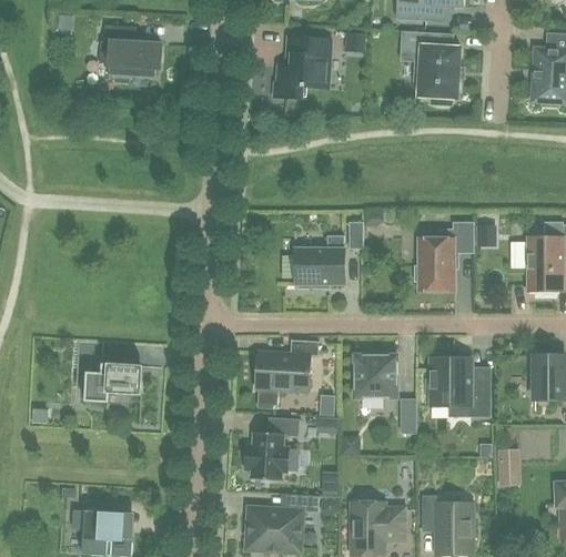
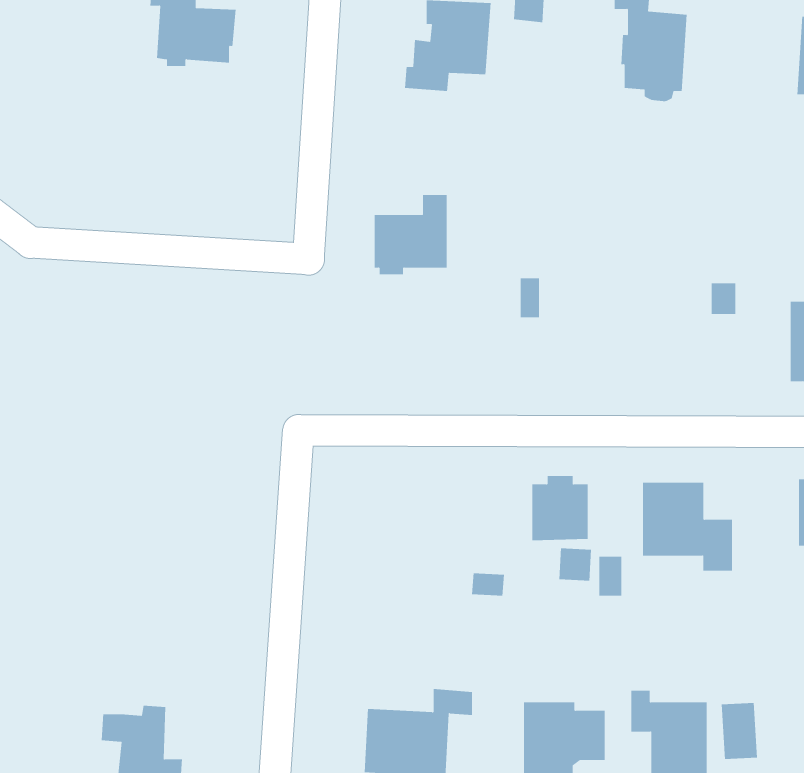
building: [415,221,474,290] -> none
building: [295,235,344,288] -> [374,194,447,275]
building: [255,338,319,392] -> none
building: [75,363,143,402] -> none
building: [244,416,300,479] -> none
building: [497,447,522,485] -> [721,702,758,759]

